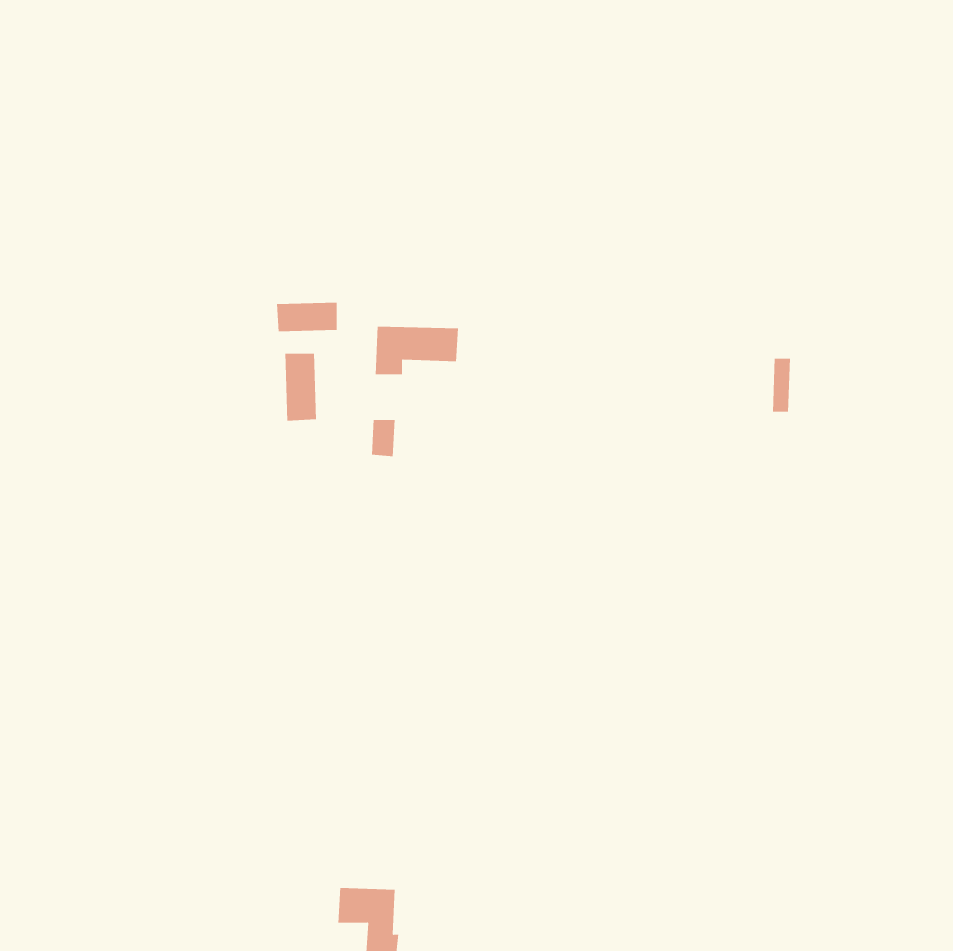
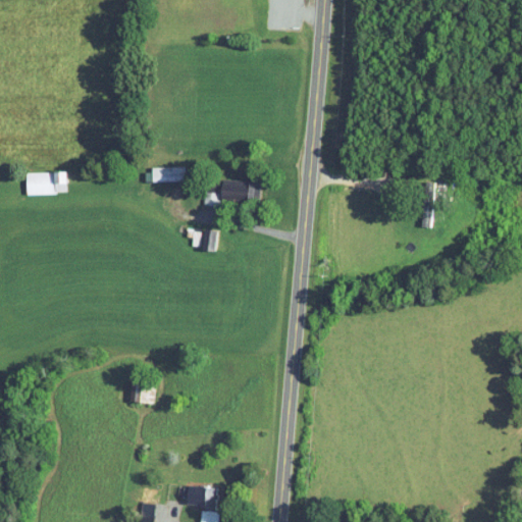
building: none -> [25,171,67,195]
building: [285,353,316,422] -> none

